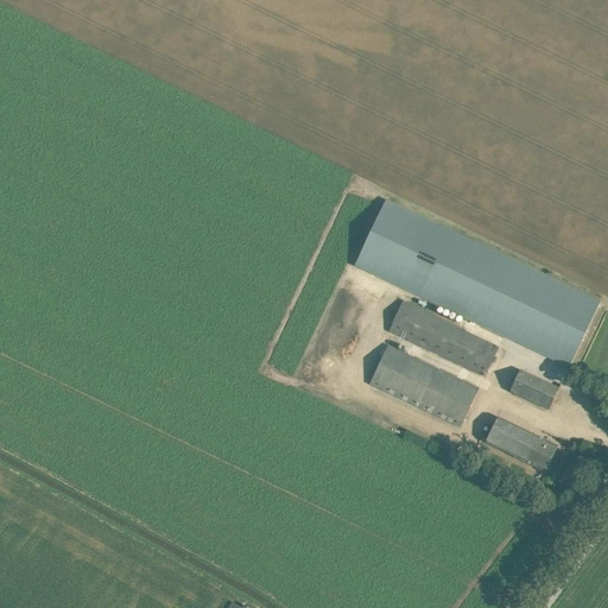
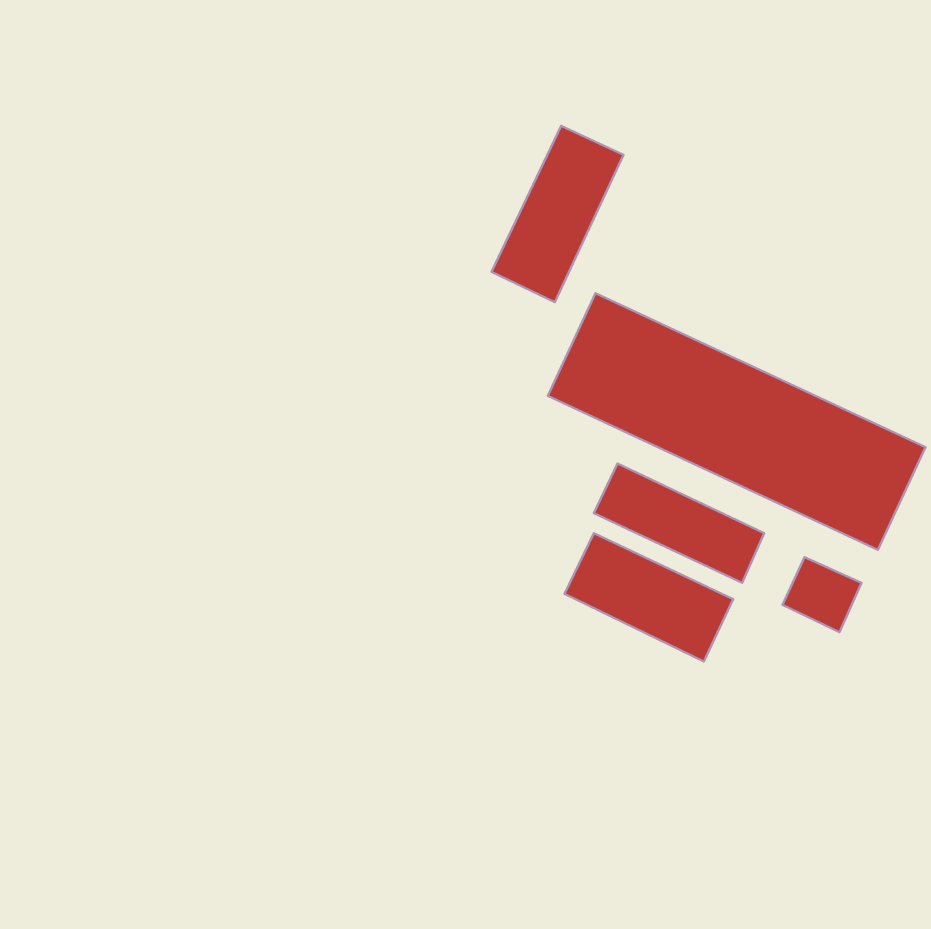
building: none -> [492,126,623,302]
building: [482,423,553,476] -> none

